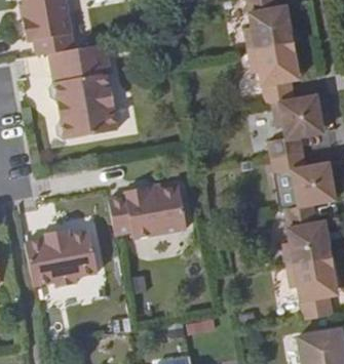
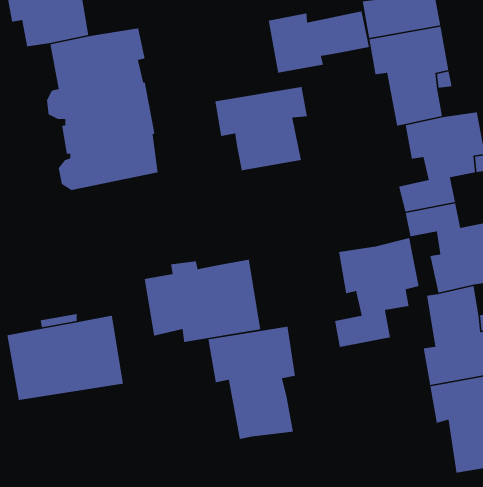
building: none -> [268,11,370,74]
building: none -> [214,86,308,171]
building: none -> [334,237,420,348]
building: none -> [207,326,296,440]

